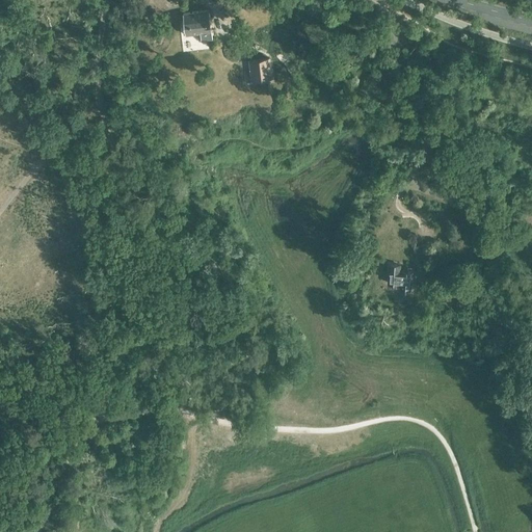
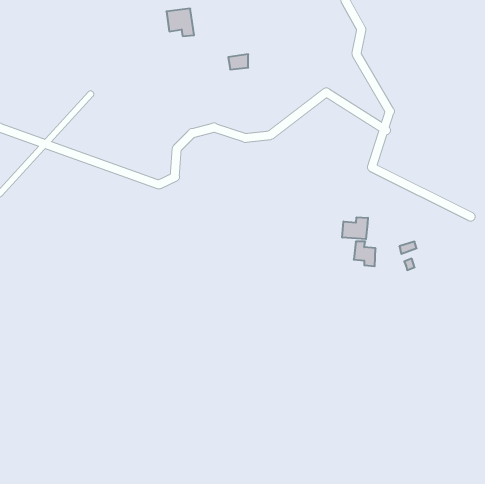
building: none -> [342,217,368,239]

